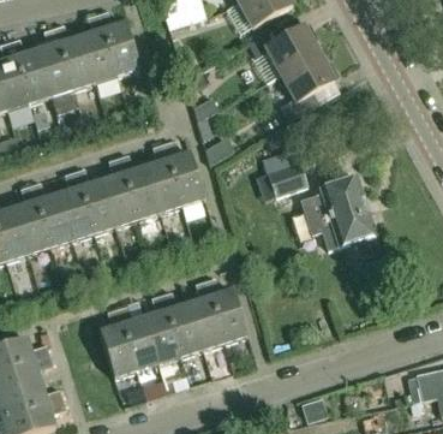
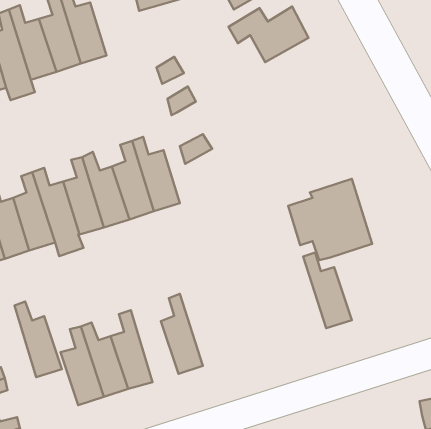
building: [264,52,336,130] -> none
building: [269,156,307,196] -> none
building: [205,275,249,343] -> [303,252,352,328]
building: [162,290,204,357] -> [14,301,62,377]

